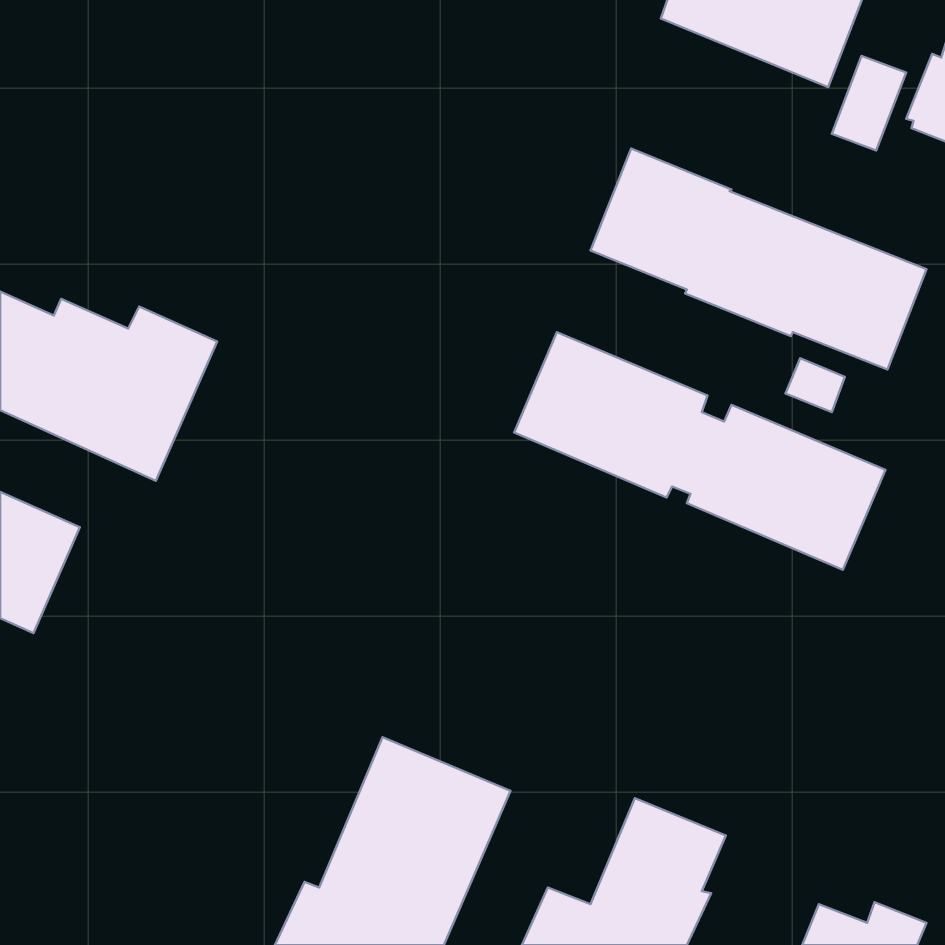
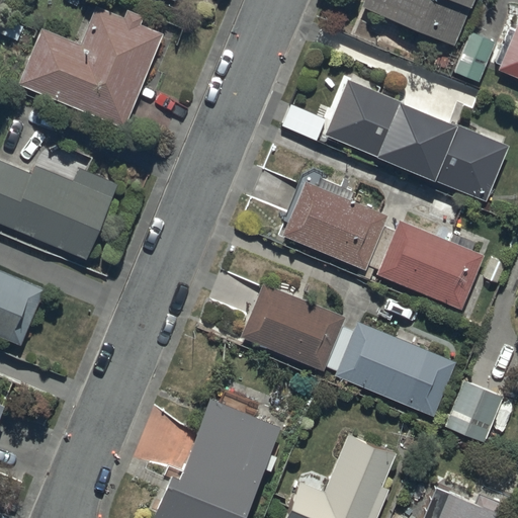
building: none -> [20,8,164,128]
building: none -> [240,283,443,412]
building: none -> [446,380,504,442]

